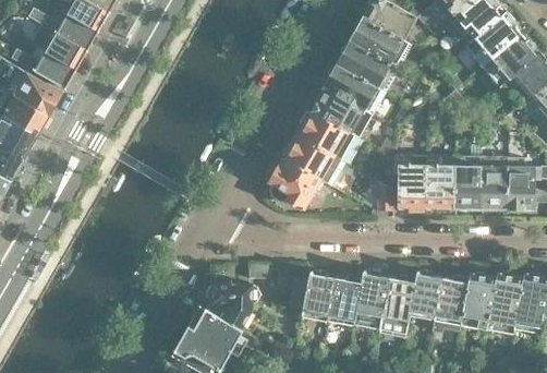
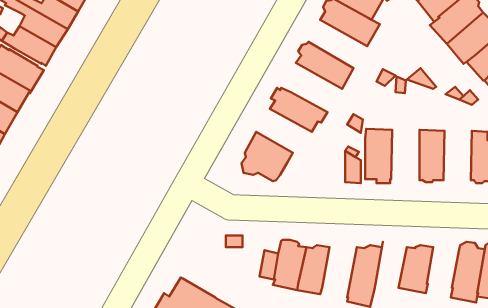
building: [337,40,398,91] -> none
building: [308,85,372,137] -> none
building: [280,133,345,184] -> none
building: [423,155,452,212] -> none
building: [477,156,507,210] -> none
building: [350,269,387,329] -> none
building: [406,269,439,320] -> none
building: [459,272,494,329] -> none
building: [205,282,259,329] -> none

